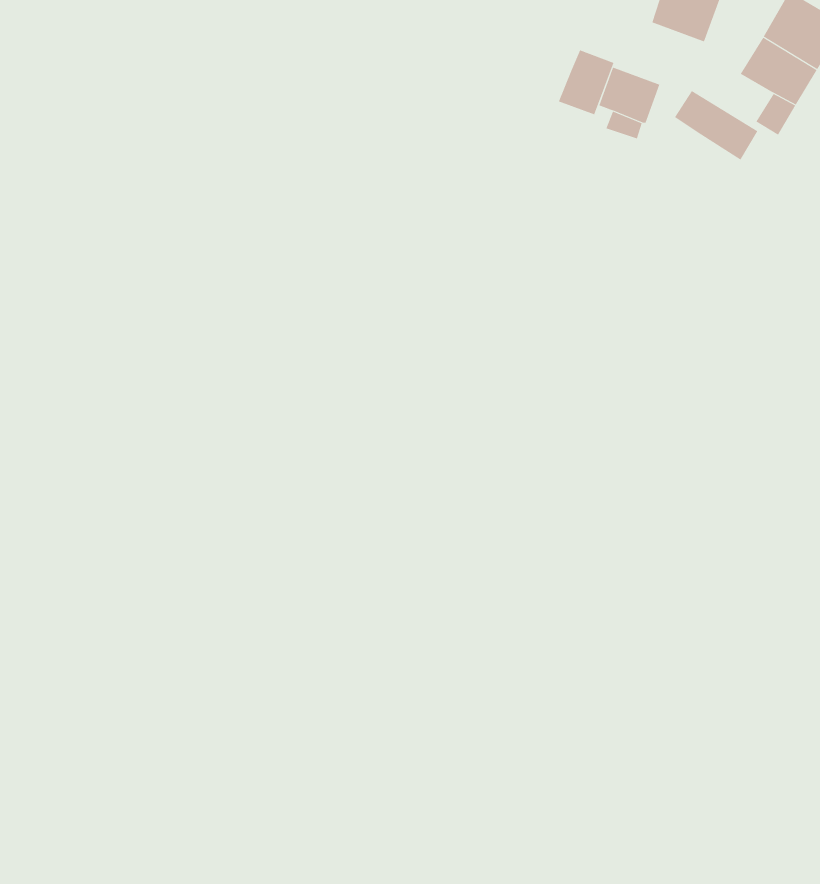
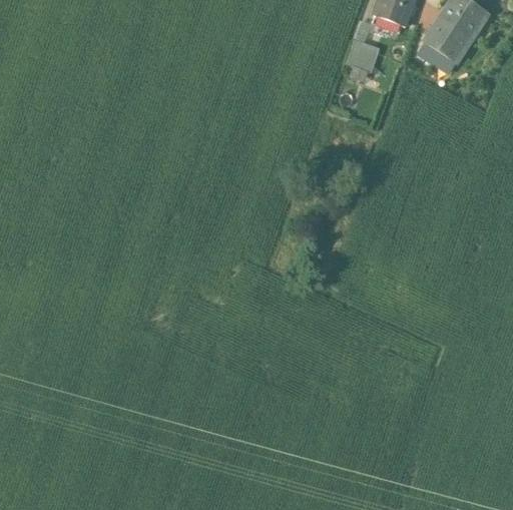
building: [558,49,614,115] -> none
building: [674,90,758,160] -> none

